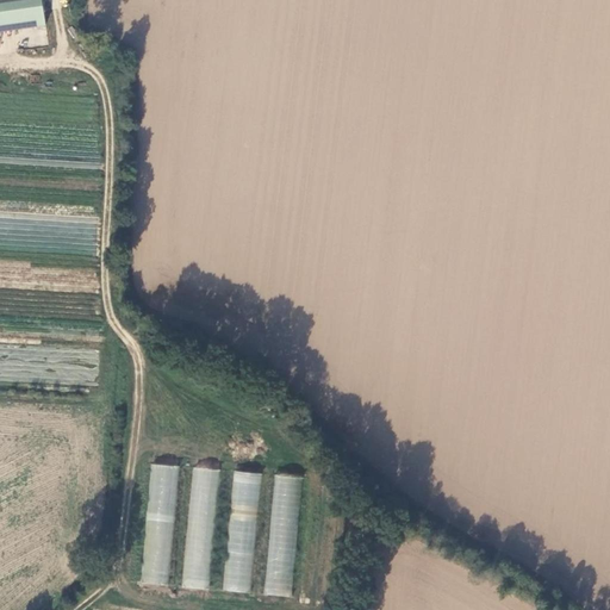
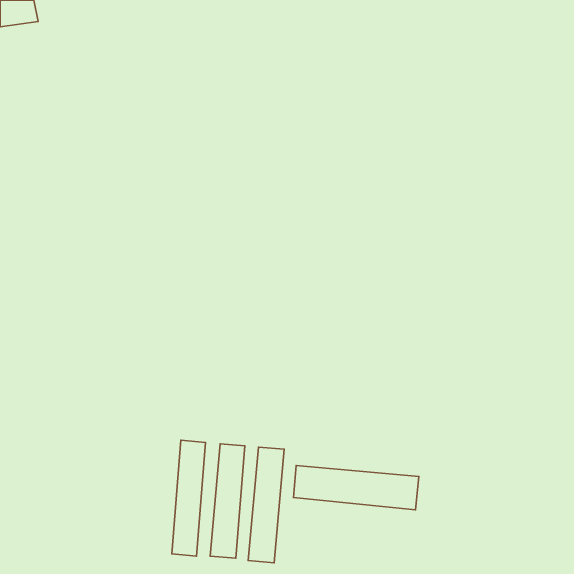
building: [141,463,179,585] -> none
building: none -> [293,465,419,510]

